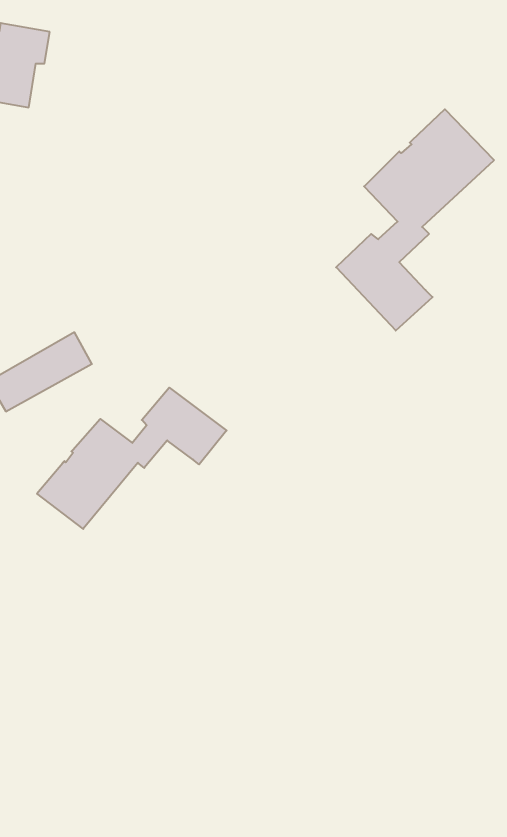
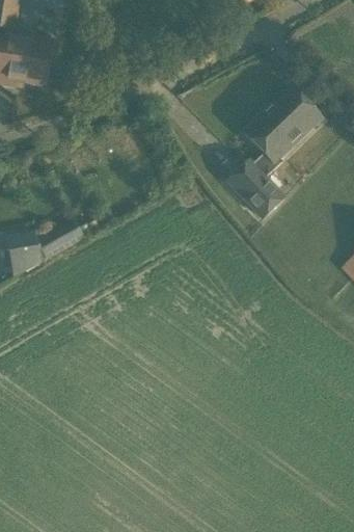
building: [37,388,227,529] -> none

